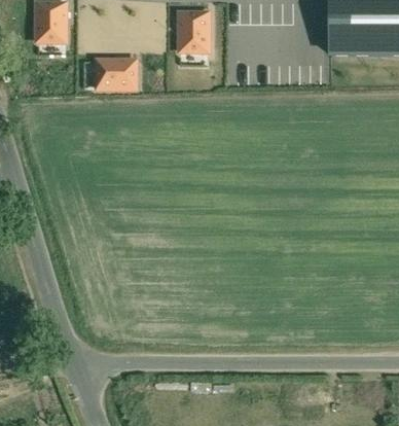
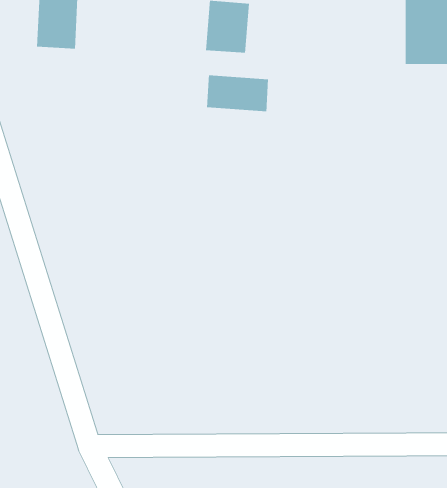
building: [90,51,134,90] -> none
building: none -> [207,74,269,112]

